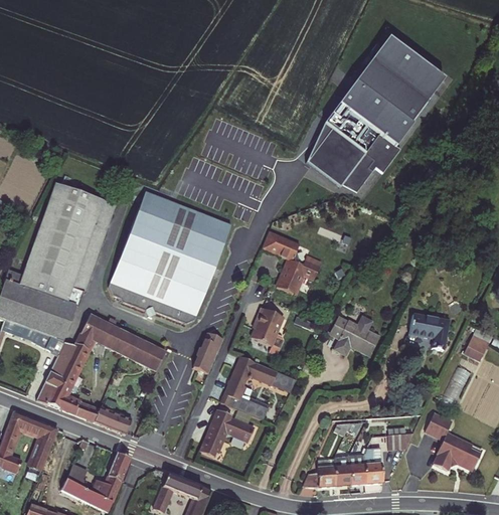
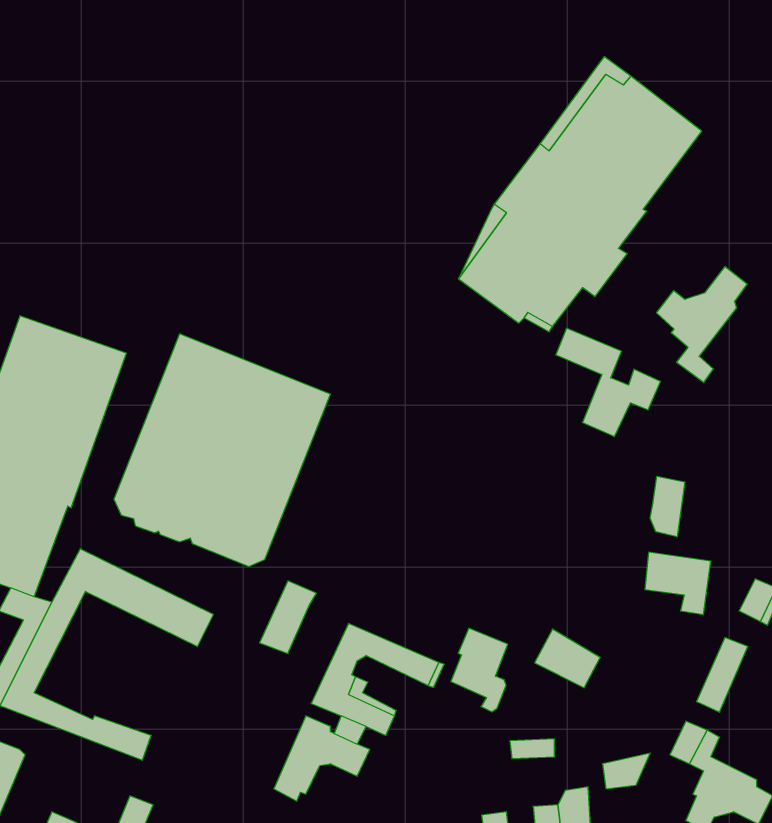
building: none -> [657,267,747,383]
building: [264,232,323,294] -> [556,328,661,437]
building: none -> [650,476,685,537]
building: [252,308,284,355] -> [451,628,508,712]
building: [342,318,379,351] -> [535,629,600,688]

